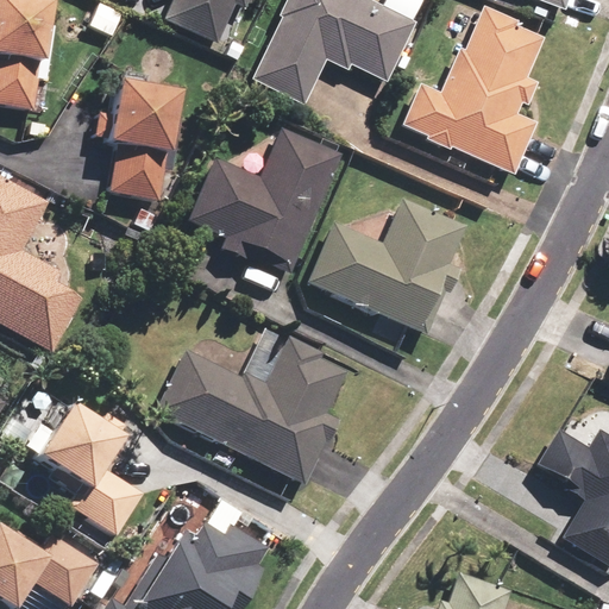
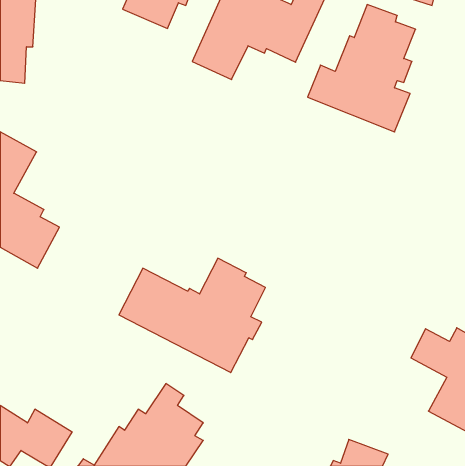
building: [90,80,182,201] -> none
building: [186,124,341,272] -> none
building: [306,199,464,334] -> none
building: [25,403,144,536] -> none

